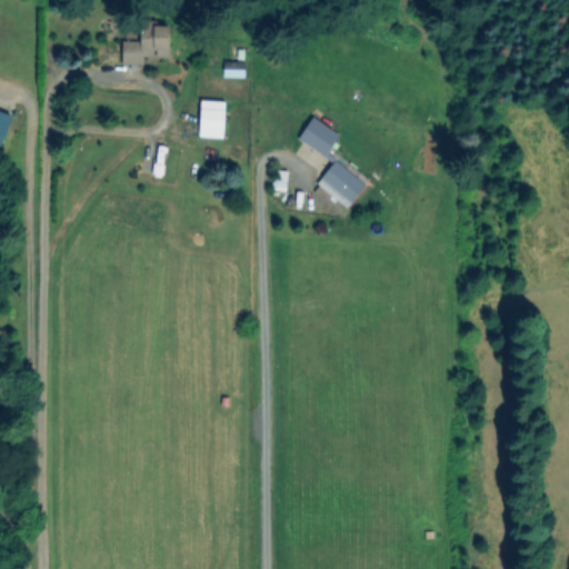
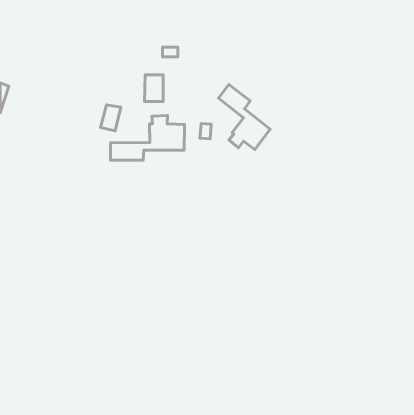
building: [122,29,171,68] -> none
building: none -> [110,116,184,160]

